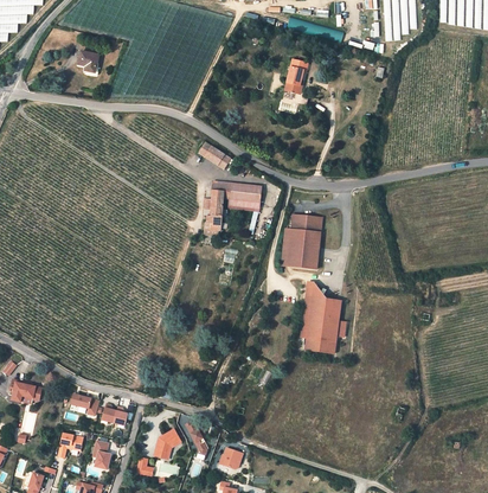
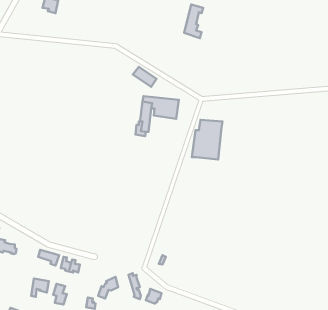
building: [298,280,345,352] -> none

